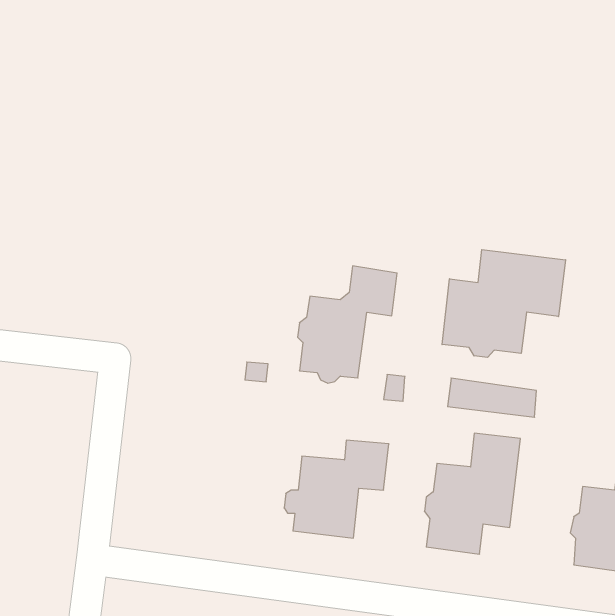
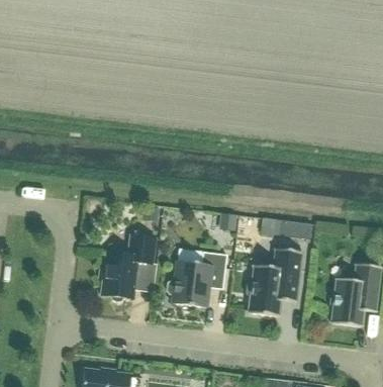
building: [442,250,566,357] -> none
building: [298,266,397,383] -> [99,234,156,301]

